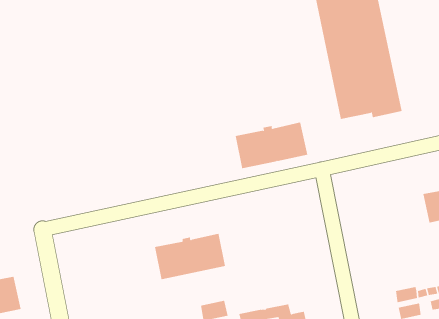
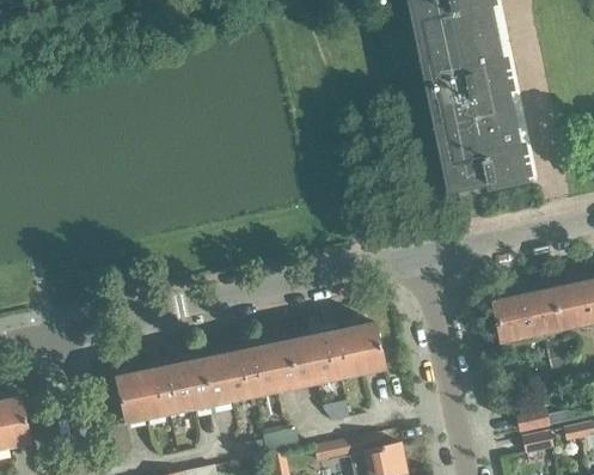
building: [235,122,308,169] -> [289,322,385,383]
building: none -> [495,288,563,340]
building: none -> [117,358,213,419]

